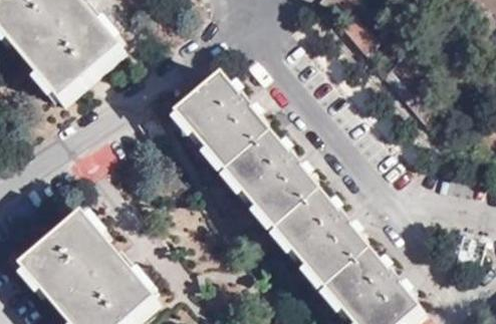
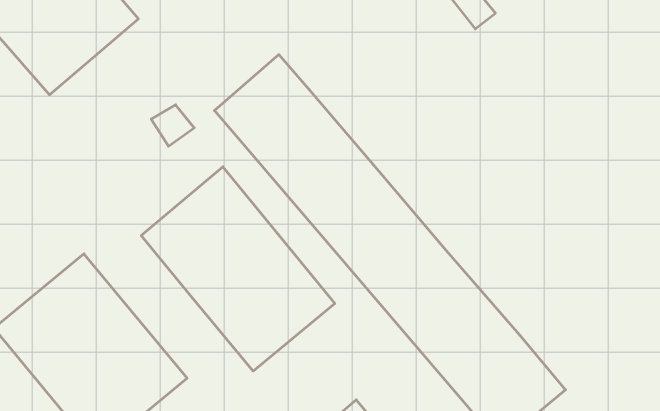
building: none -> [141,167,335,371]

